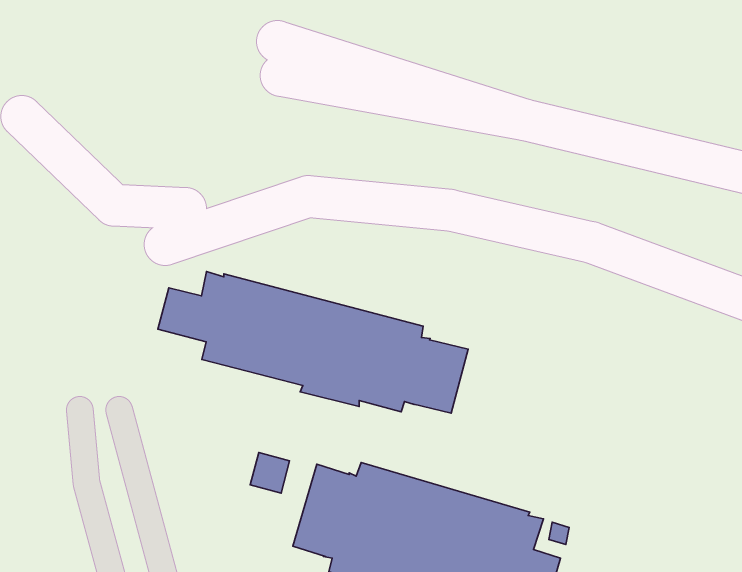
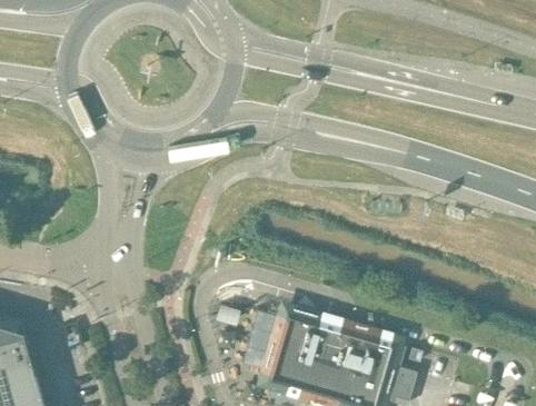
building: [158,271,468,413] -> none

